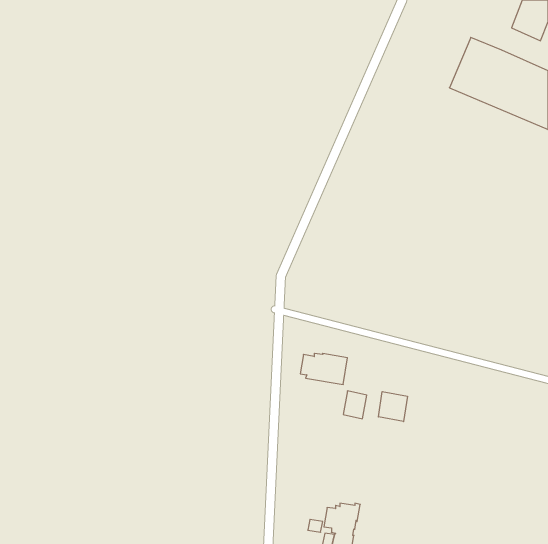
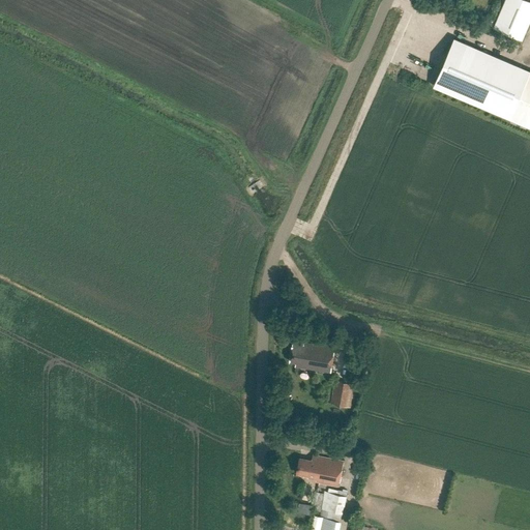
building: [378,392,407,422] -> none
building: none -> [297,458,344,488]

